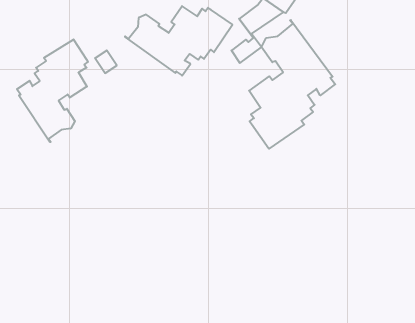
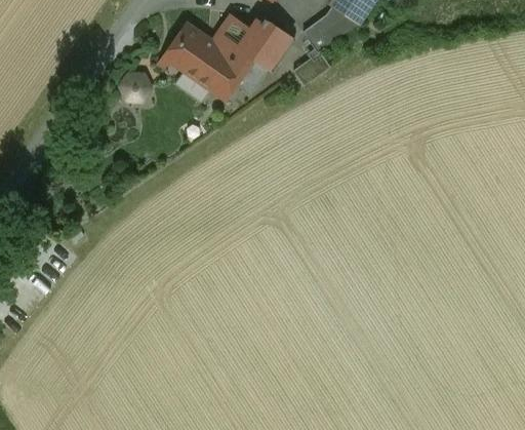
building: [249,20,335,149] -> none
building: [17,39,88,142] -> none

